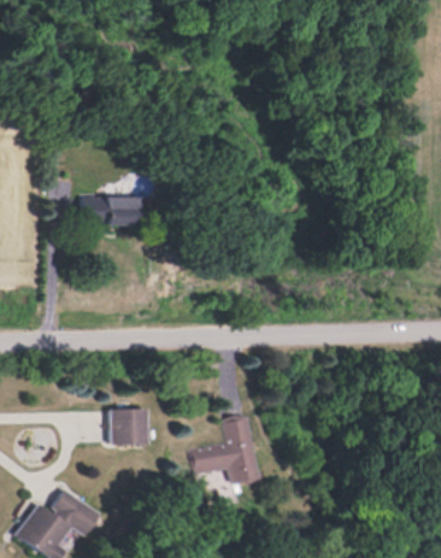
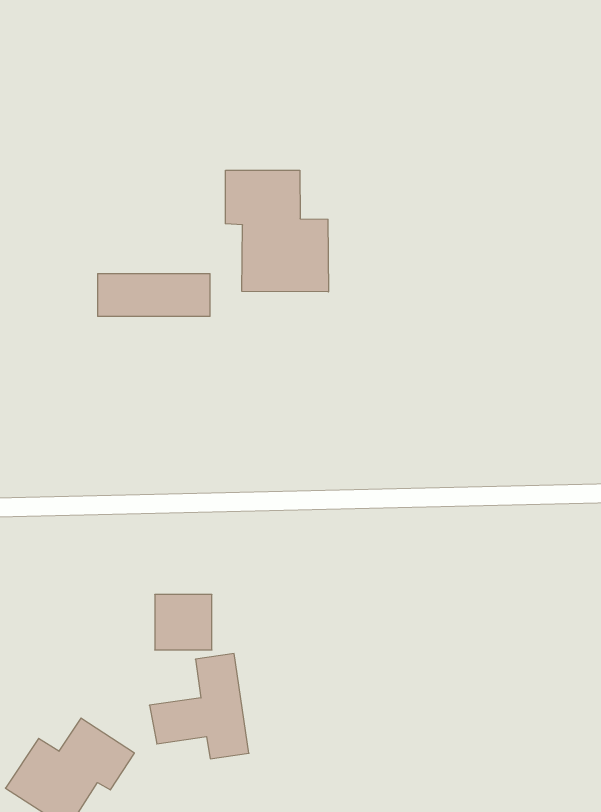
building: none -> [225,170,328,292]
building: [190,415,255,483] -> [149,654,249,759]

